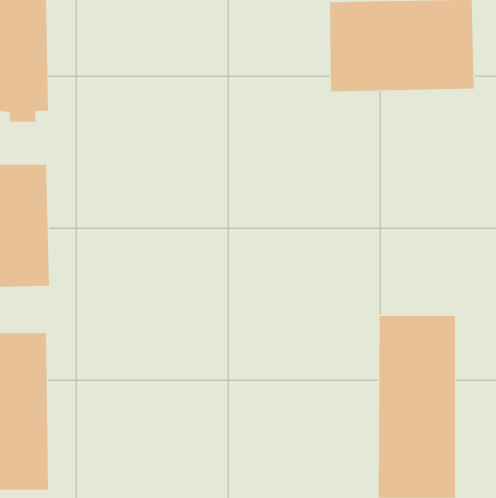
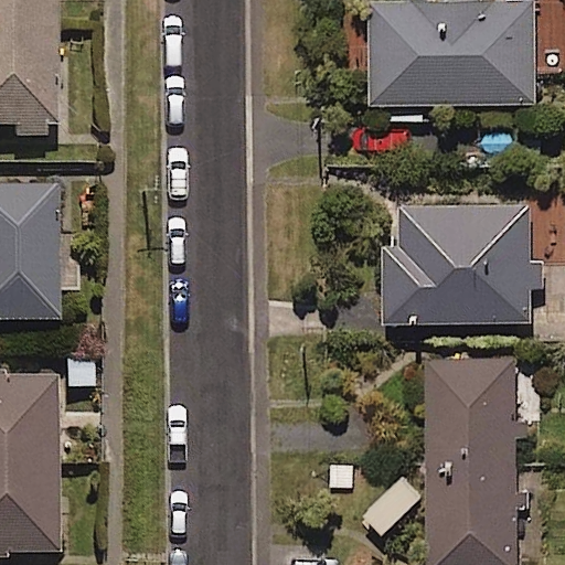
building: none -> [383,200,534,324]

